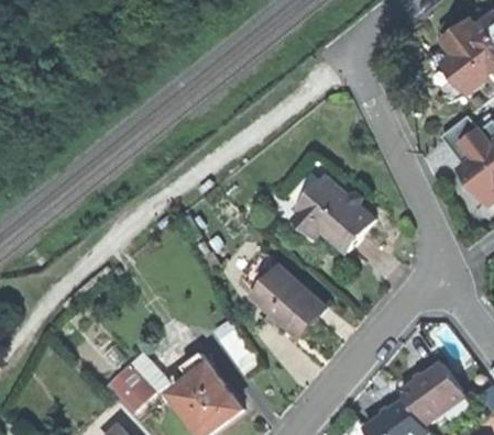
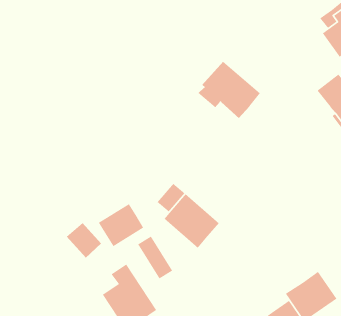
building: [293,177,372,249] -> [198,61,261,119]
building: none -> [98,203,144,247]
building: [103,360,149,405] -> [66,222,102,258]

